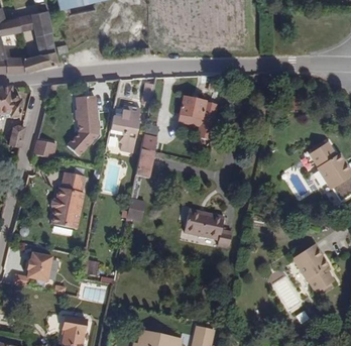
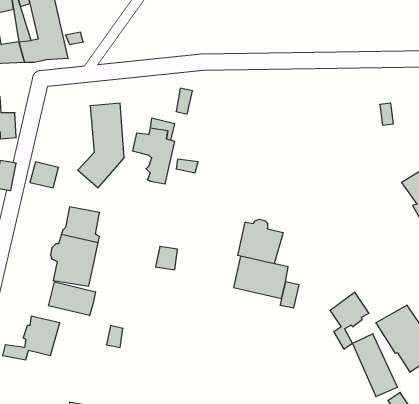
building: [180,96,204,117] -> none
building: [134,149,153,178] -> none
building: none -> [238,219,283,264]
building: none -> [48,282,96,316]
building: none -> [330,292,369,349]

